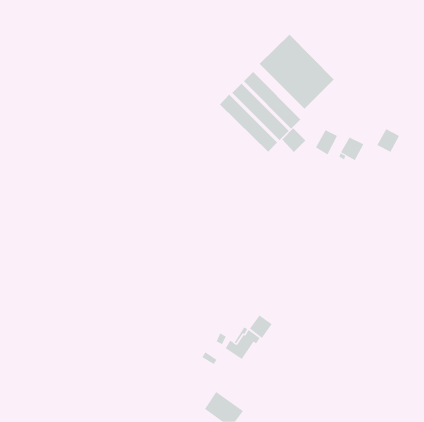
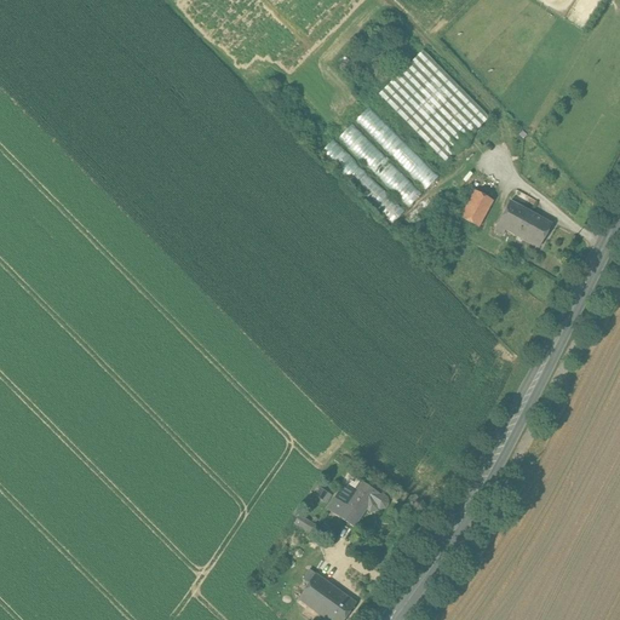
building: [282,127,306,153] -> none
building: [377,128,400,153] -> [518,211,552,246]
building: [249,314,273,339] -> none

